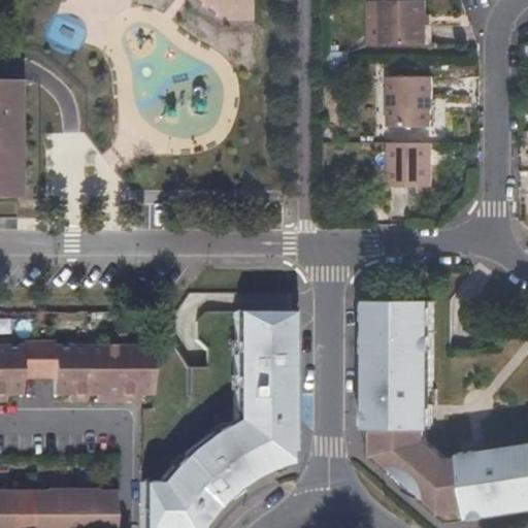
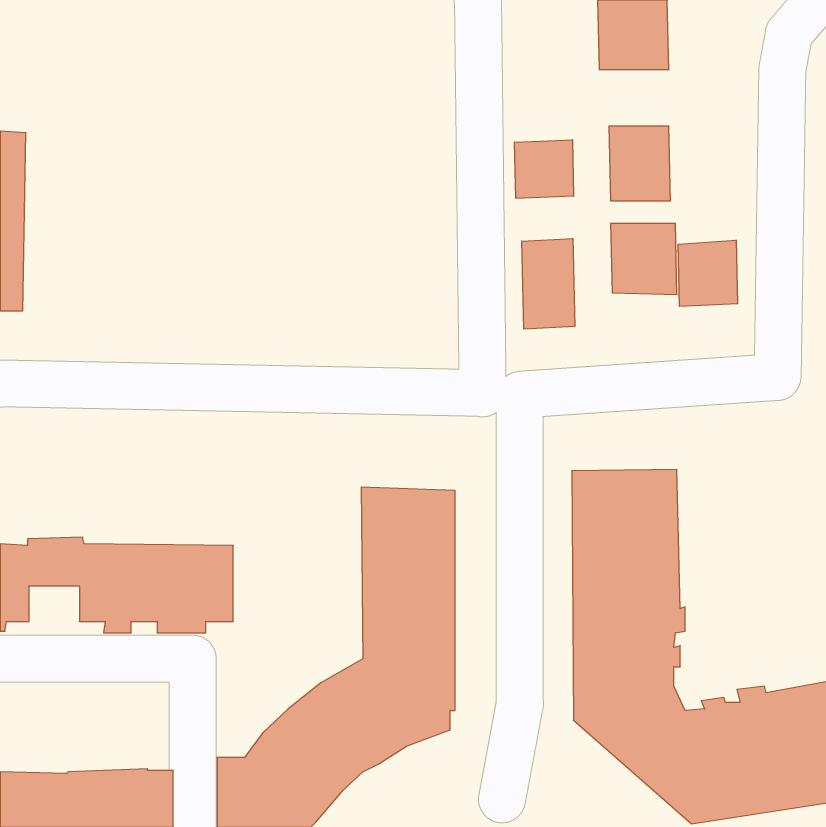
building: none -> [515,140,574,198]
building: none -> [522,238,575,329]
building: none -> [678,240,738,306]

